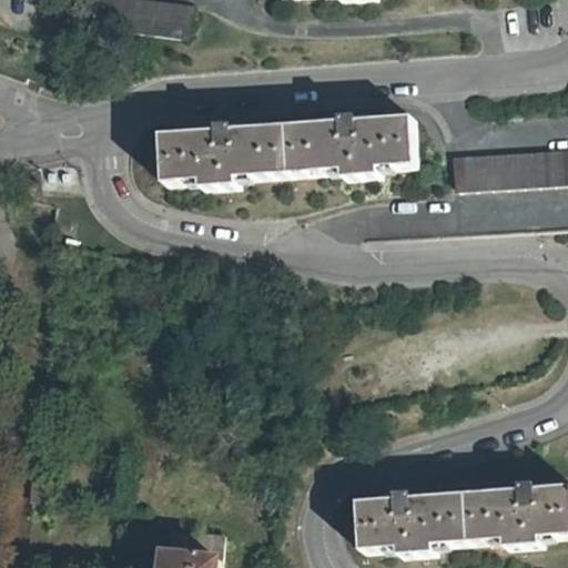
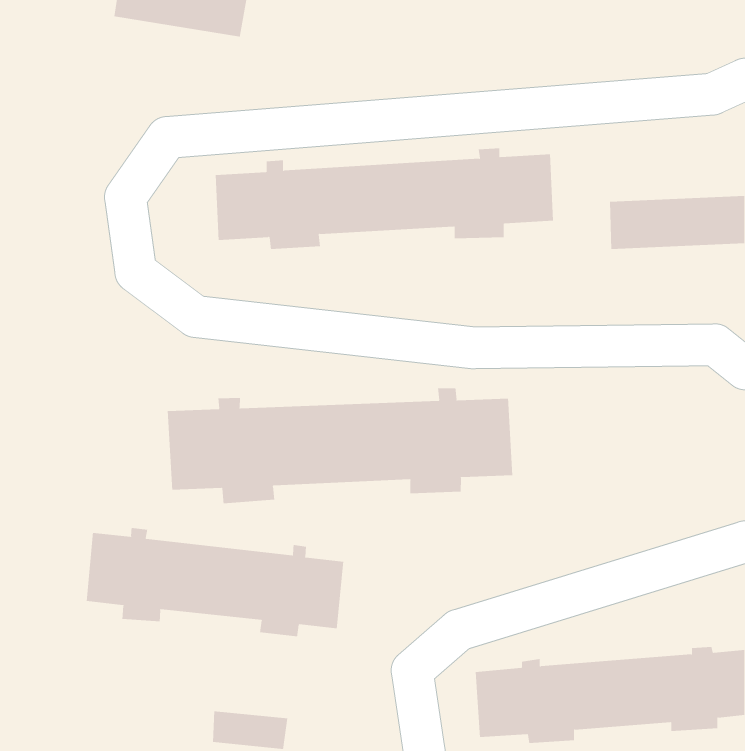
building: none -> [167,387,513,504]
building: none -> [86,527,344,637]

